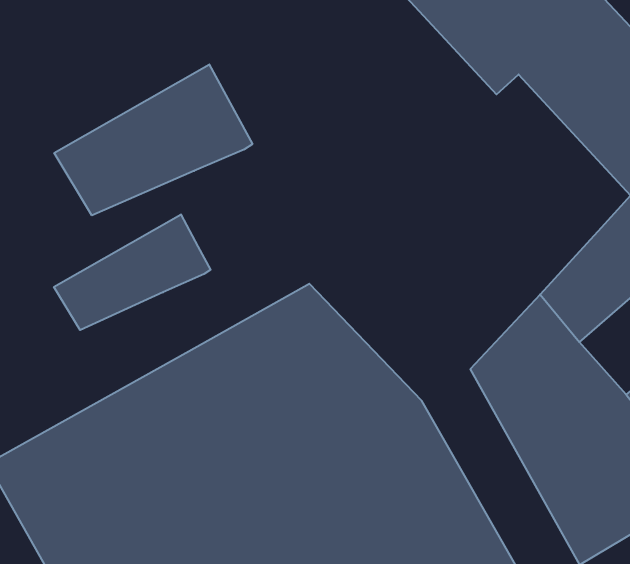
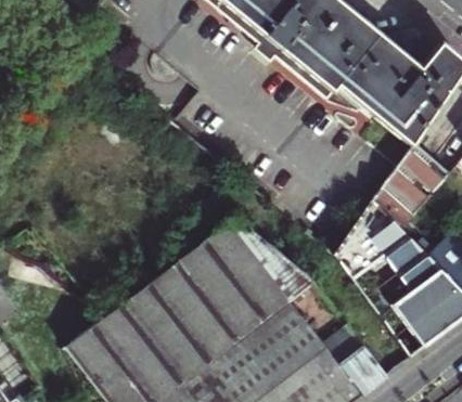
building: [54,64,252,215] -> none
building: [54,214,211,330] -> none

